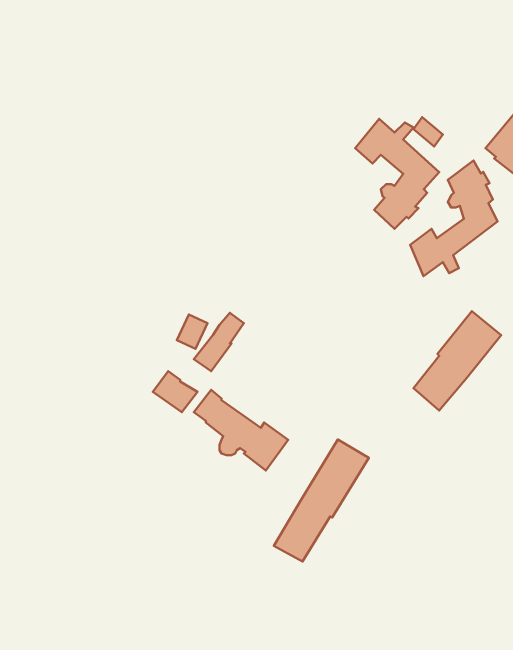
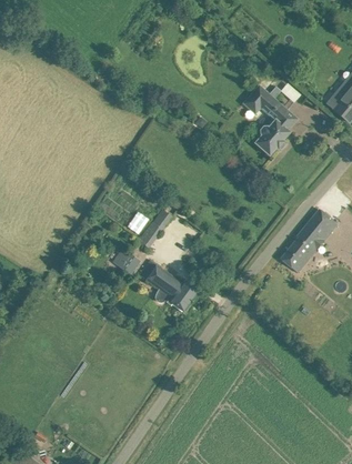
building: [410,161,498,276] -> none
building: [274,440,369,561] -> none

